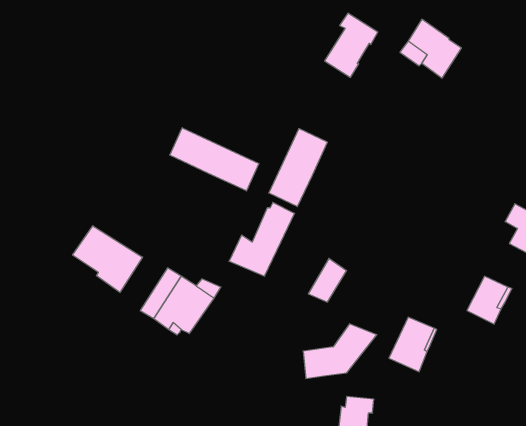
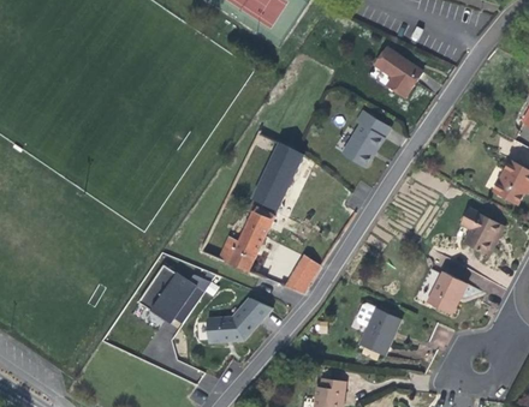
building: [325,13,378,77] -> [343,110,390,167]
building: [170,128,259,191] -> none
building: [73,226,143,292] -> none
building: [303,324,377,378] -> [209,298,274,346]

